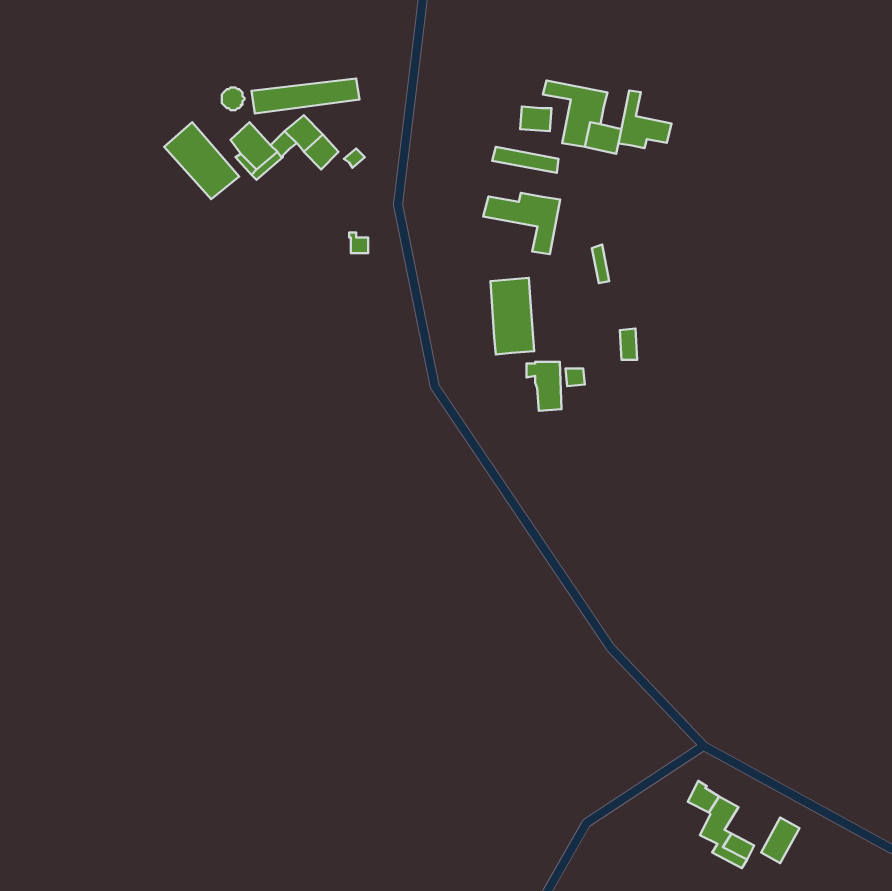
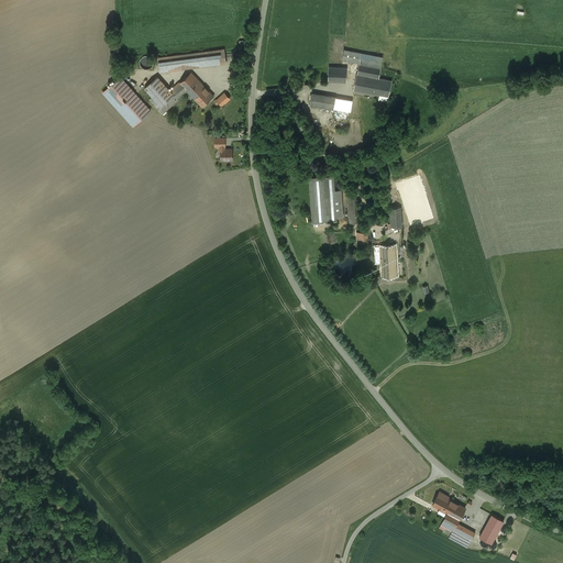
building: [619,90,672,148] -> none
building: [483,193,560,254] -> none
building: [527,362,561,411] -> [375,246,397,277]

